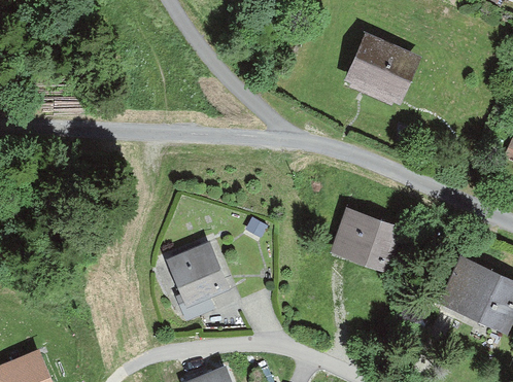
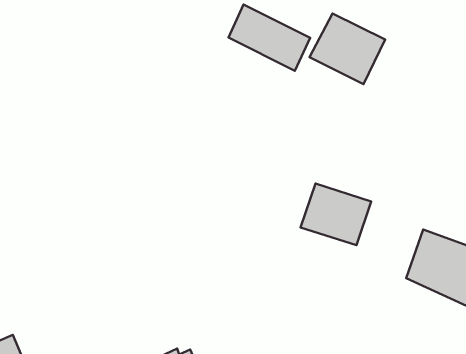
building: none -> [228,5,310,71]
building: [173,252,219,320] -> none

